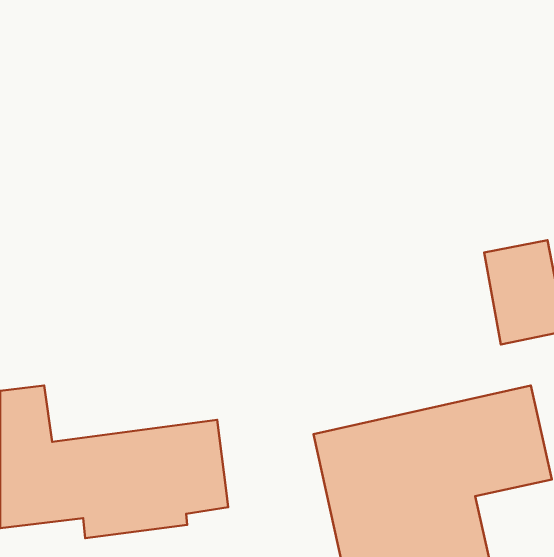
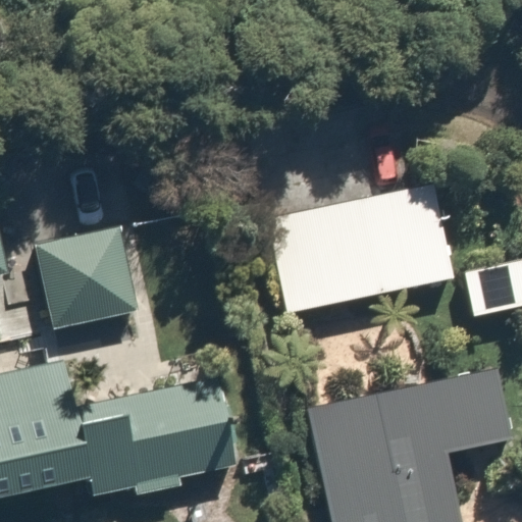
building: none -> [262,182,454,307]
building: none -> [35,230,146,359]

